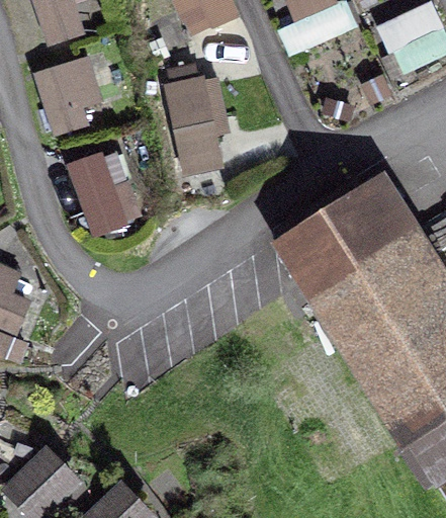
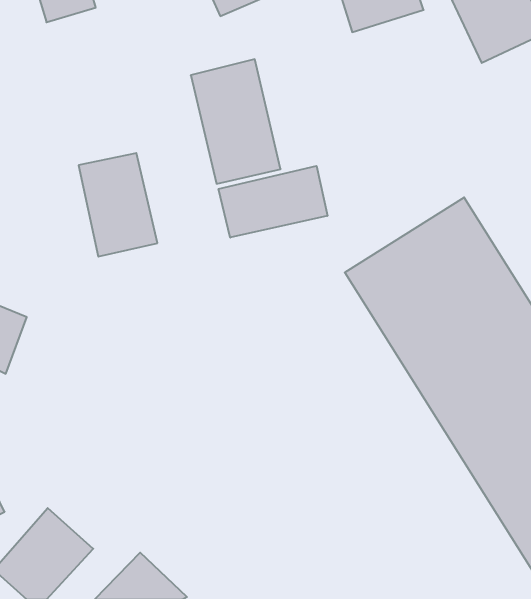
building: [32,56,105,134] -> none
building: none -> [219,166,327,238]

